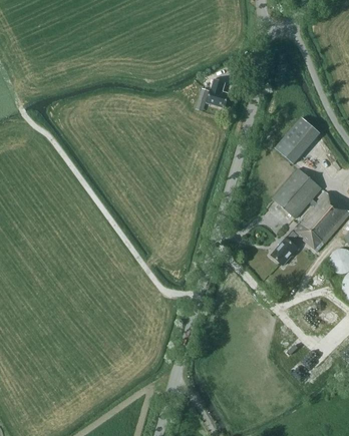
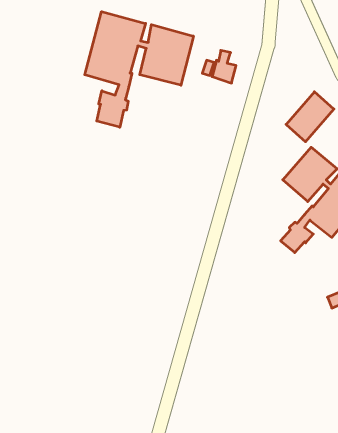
building: none -> [85,12,193,127]

